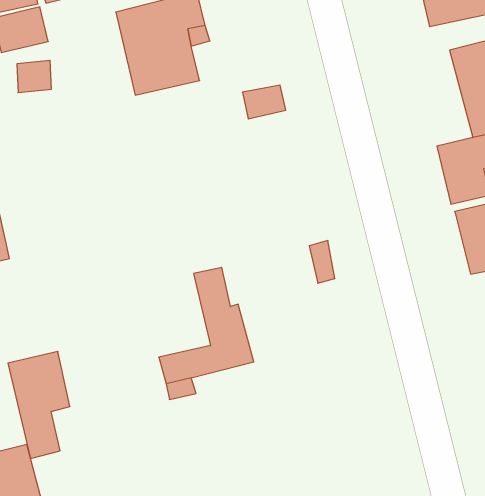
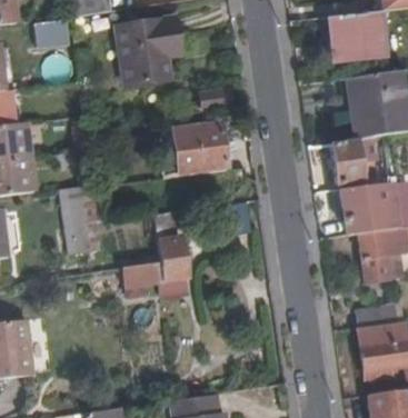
building: none -> [175,122,228,175]
building: [8,351,70,459] -> [58,182,98,255]

